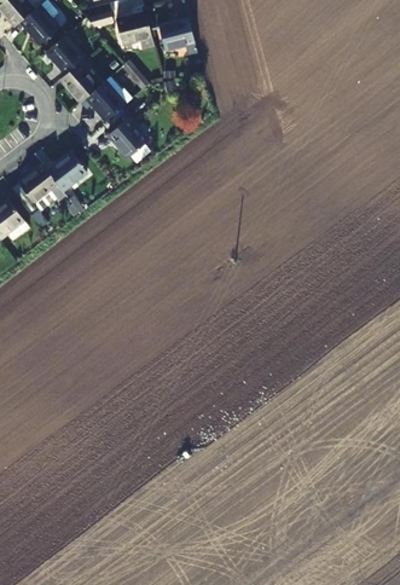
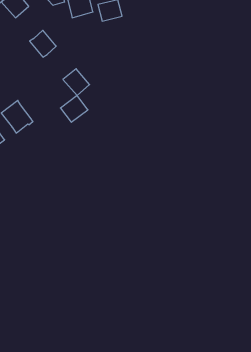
building: [46,35,86,76] -> none
building: [86,81,126,122] -> none
building: [47,154,87,192] -> [60,95,88,122]

